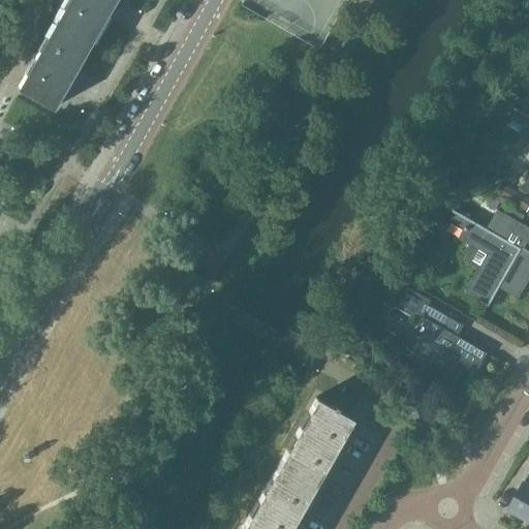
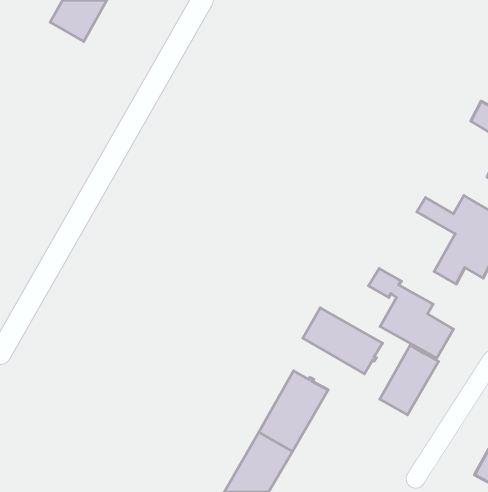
building: [21,24,94,111] -> none
building: none -> [303,308,383,374]
building: none -> [380,345,438,415]

